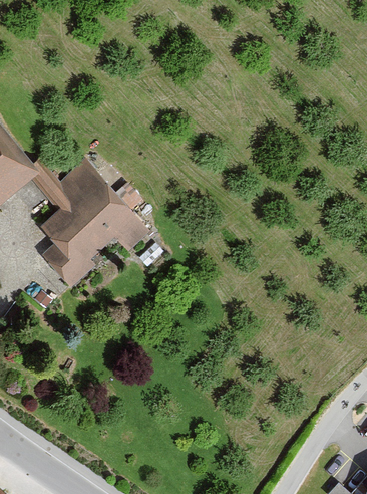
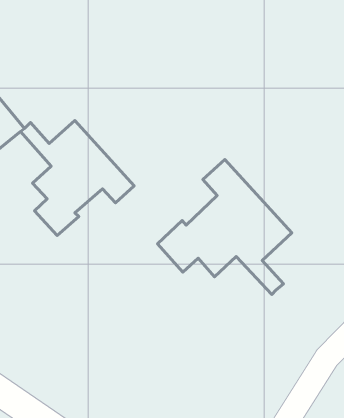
building: none -> [158,159,292,295]

